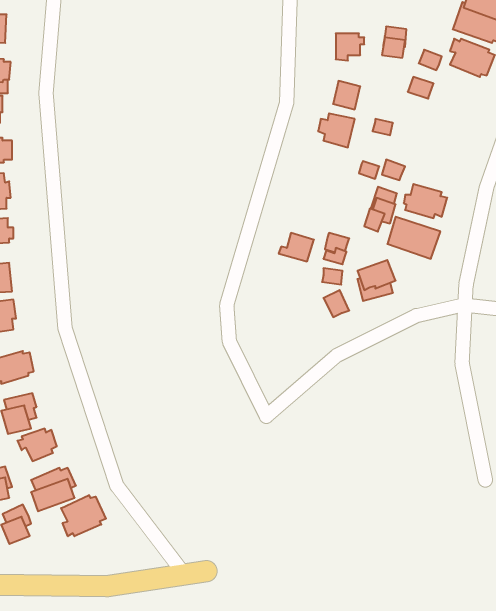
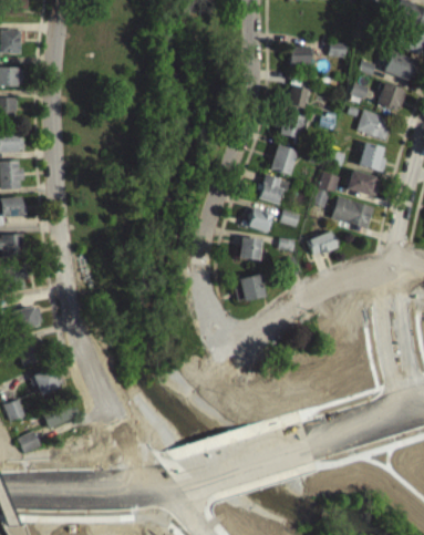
building: none -> [378,82,407,110]
building: none -> [356,109,392,140]
building: none -> [359,142,387,172]
building: none -> [271,143,298,174]
building: none -> [258,174,290,204]
building: none -> [239,236,262,260]
building: none -> [236,272,266,300]
building: [61,495,106,536] -> none

